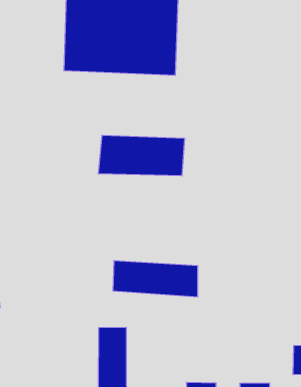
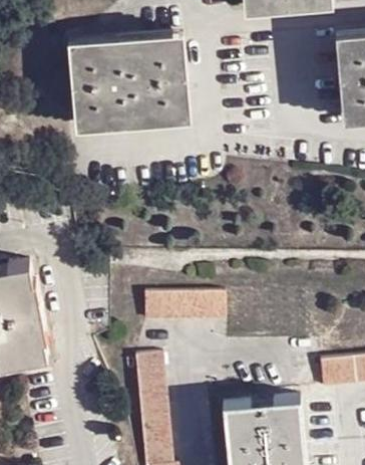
building: [99,135,184,176] -> none

